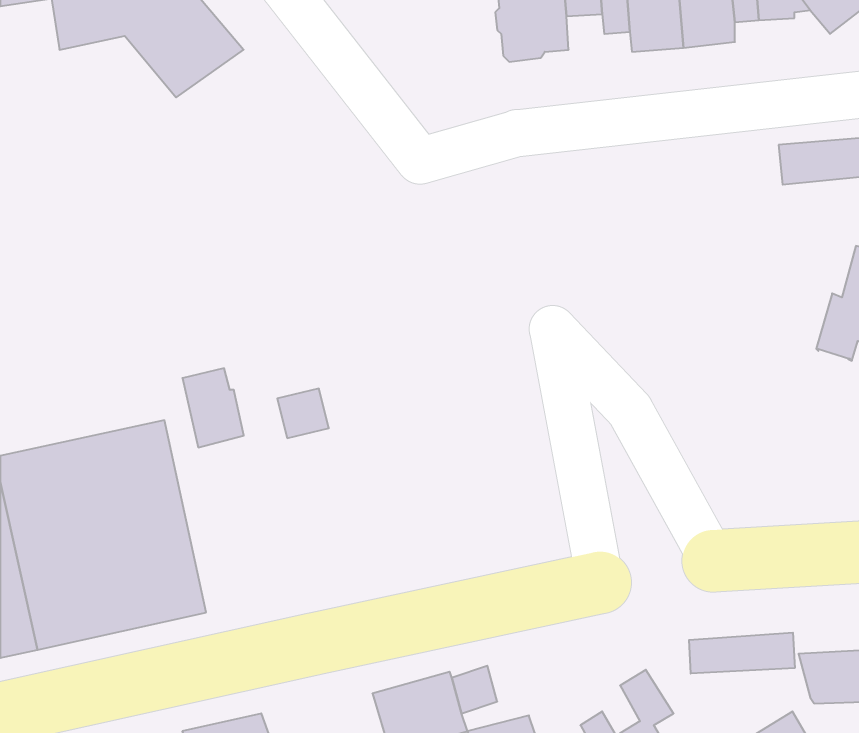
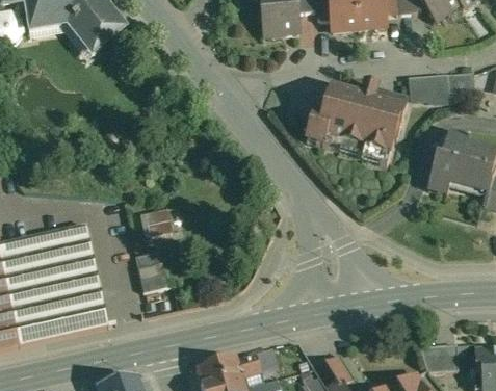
building: none -> [311,83,408,157]
building: [182,368,244,447] -> [135,251,167,292]
building: [689,633,795,674] -> none

